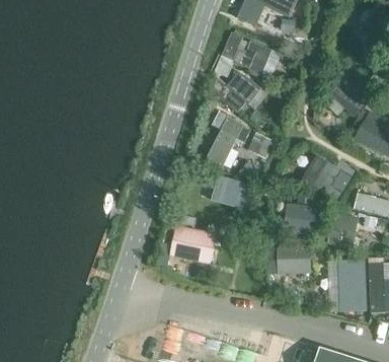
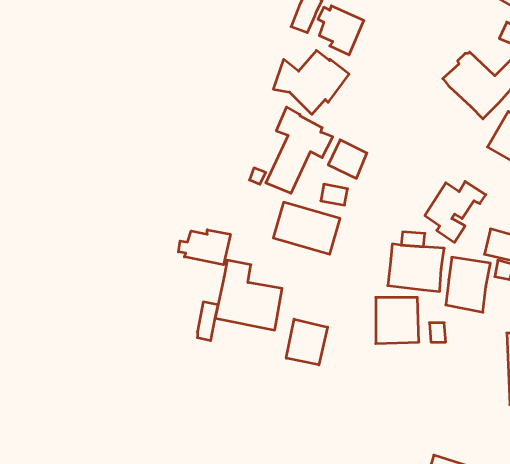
building: none -> [178,230,230,265]
building: none -> [286,319,328,365]
building: [337,260,366,311] -> none

